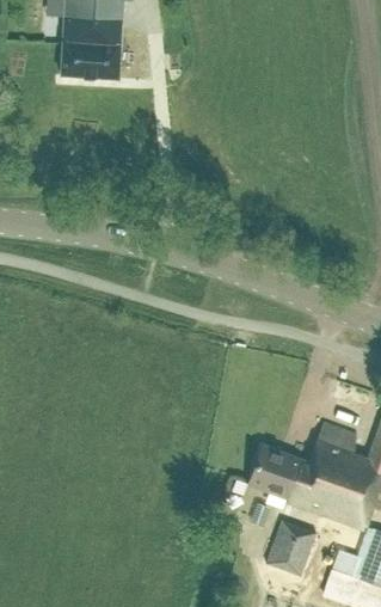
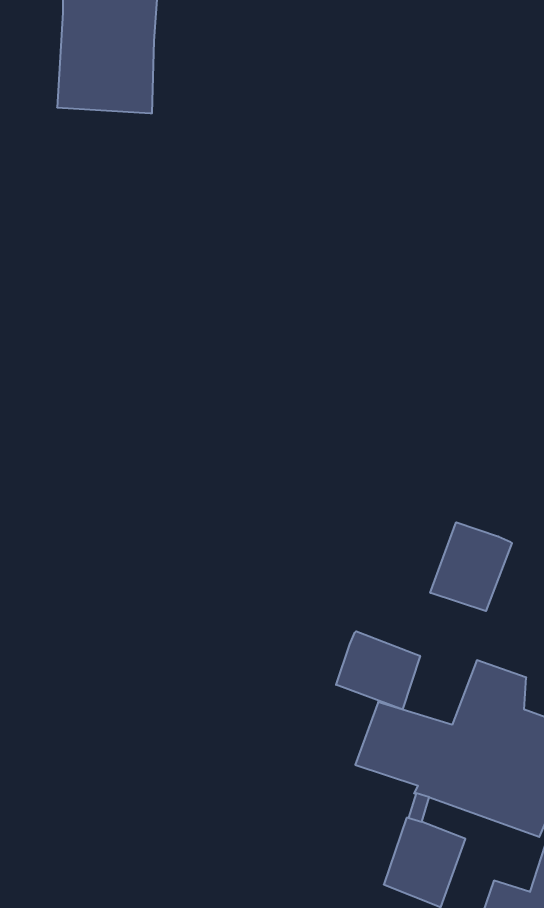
building: none -> [430,522,512,611]
building: none -> [336,631,420,709]

